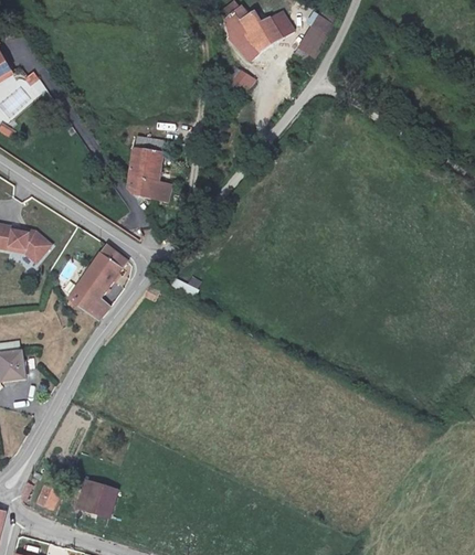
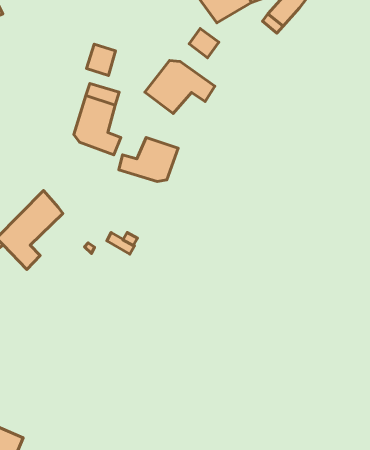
building: none -> [87,44,115,76]
building: none -> [145,60,215,114]
building: none -> [119,138,178,181]

